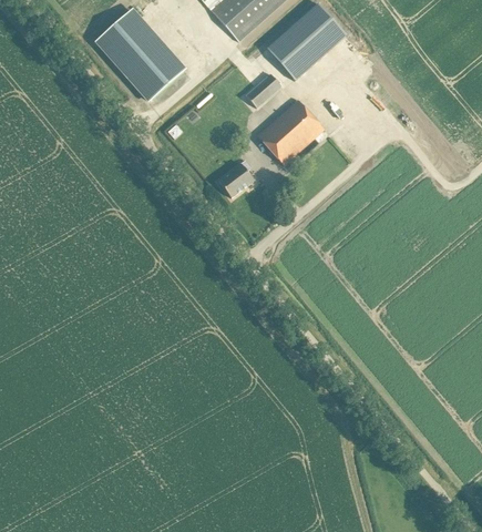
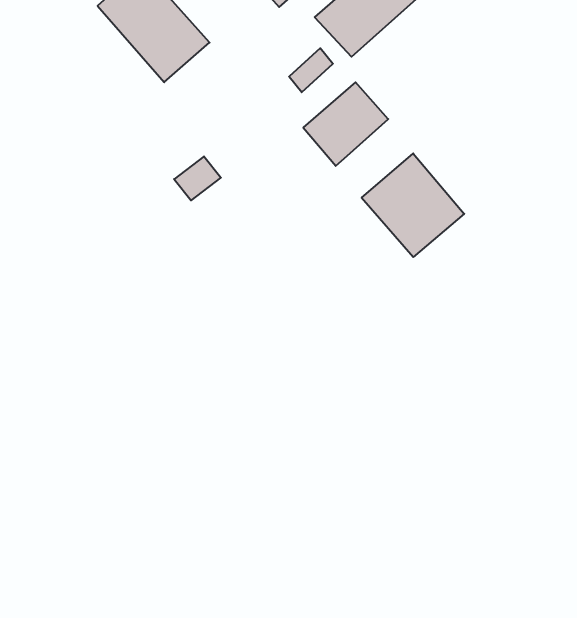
building: none -> [362,153,464,257]
building: [217,163,254,197] -> [174,156,221,200]

